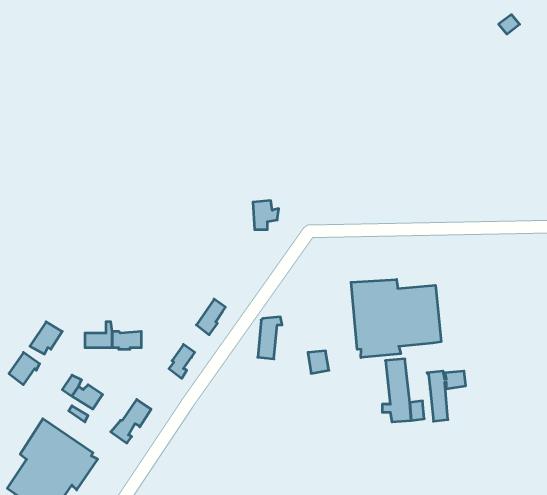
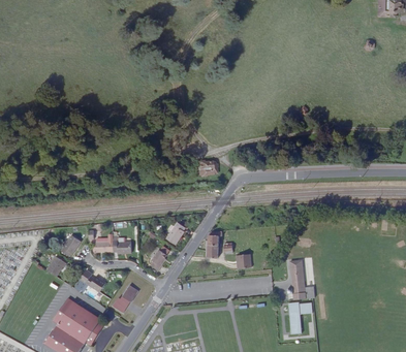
building: [351,279,441,358] -> none
building: [427,371,466,421] -> [286,301,311,333]

